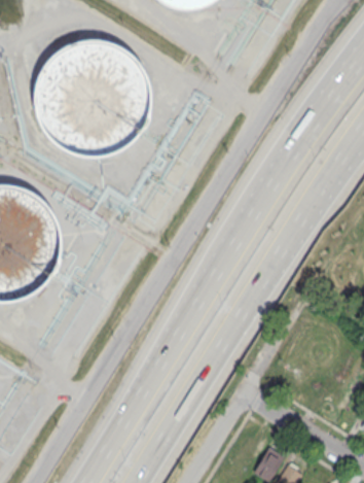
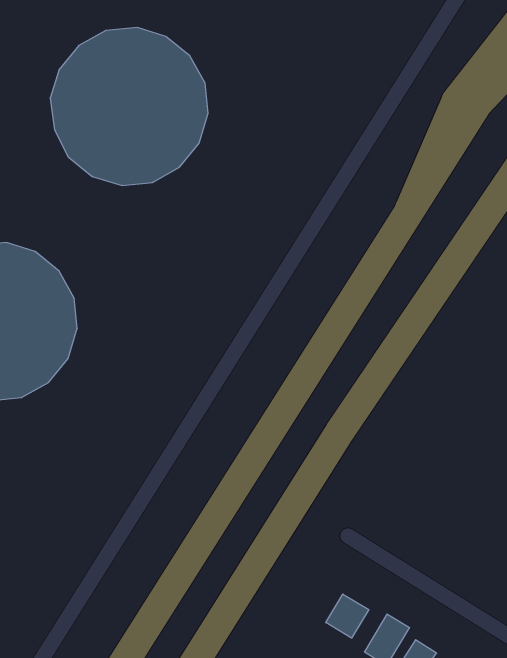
building: none -> [326,594,369,638]

